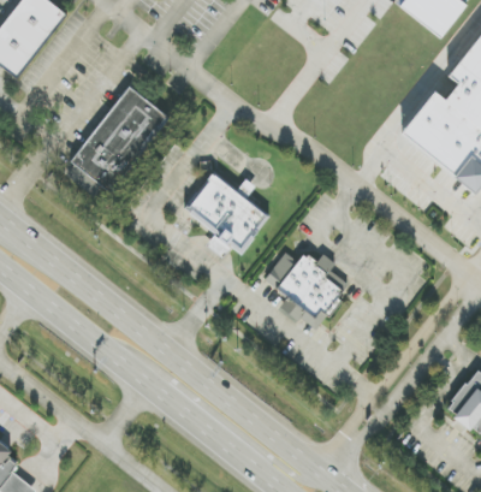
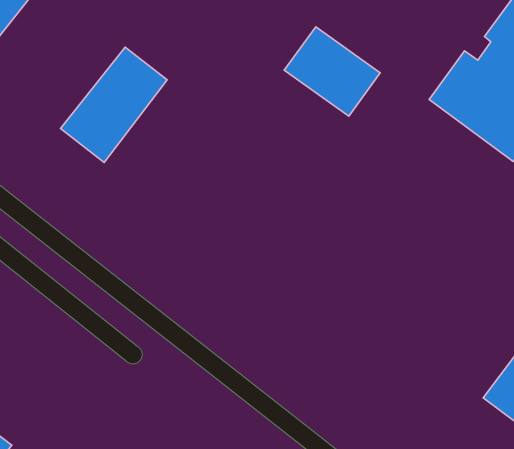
building: [183,171,271,253] -> [284,27,380,116]
building: [266,249,349,327] -> none

